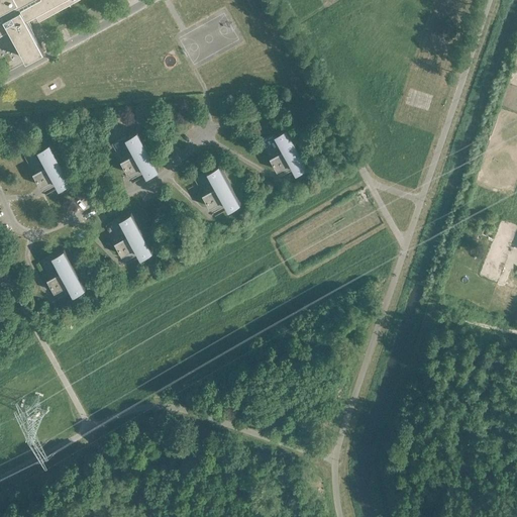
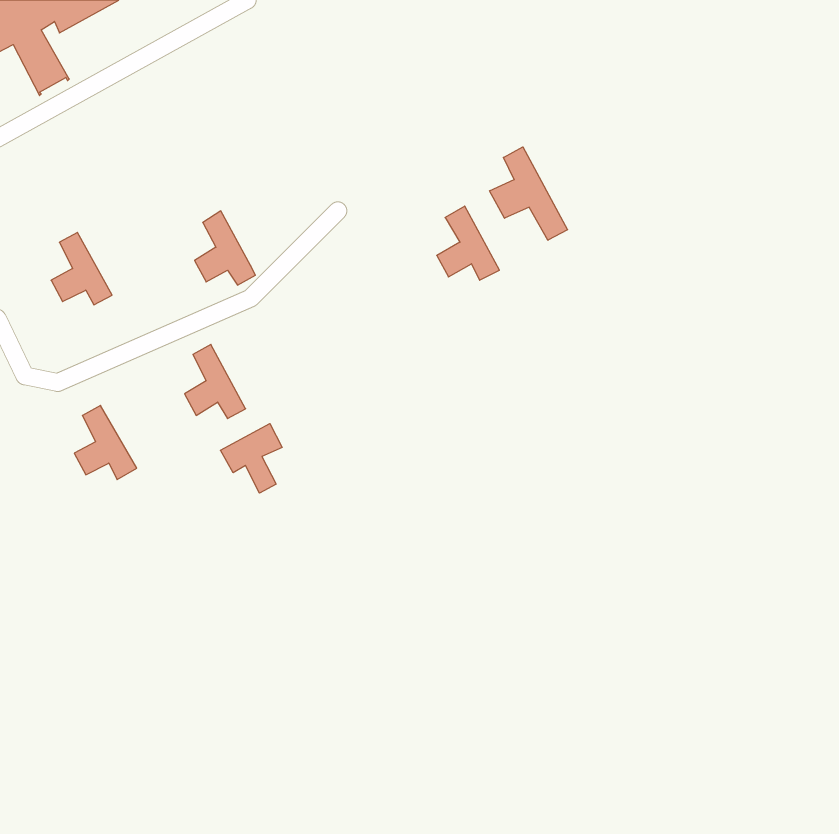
building: none -> [490,147,568,240]
building: [200,169,238,214] -> none
building: none -> [220,424,282,493]

